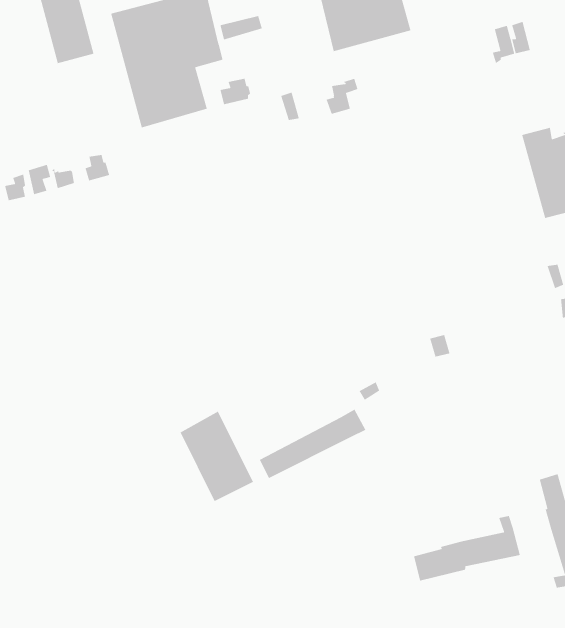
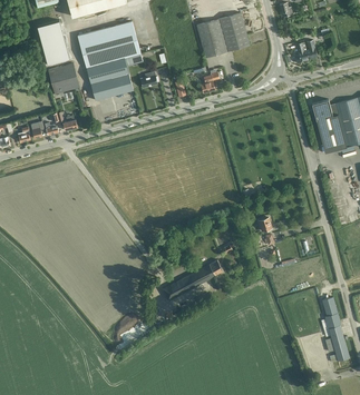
building: none -> [47,62,79,93]
building: [179,410,254,502] -> none
building: [413,515,521,581] -> none

